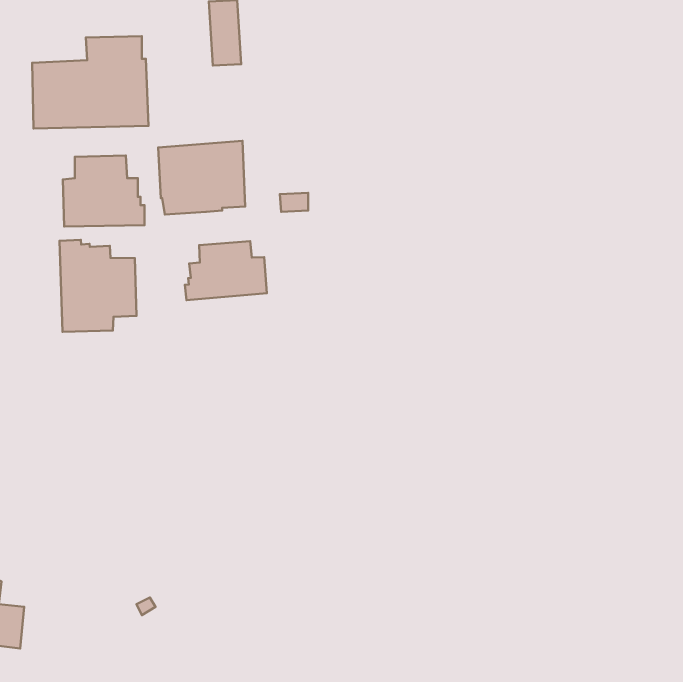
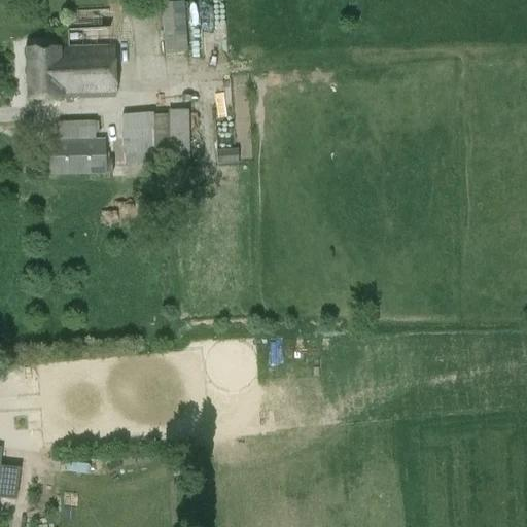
building: [59,240,136,332] -> none
building: [185,241,267,300] -> none

